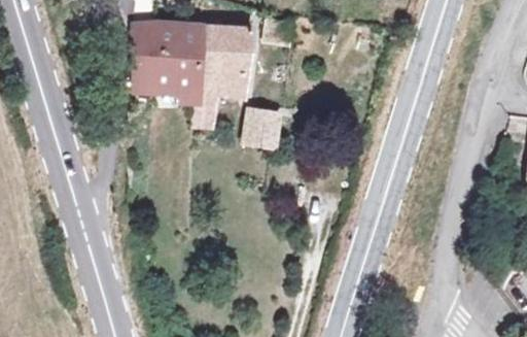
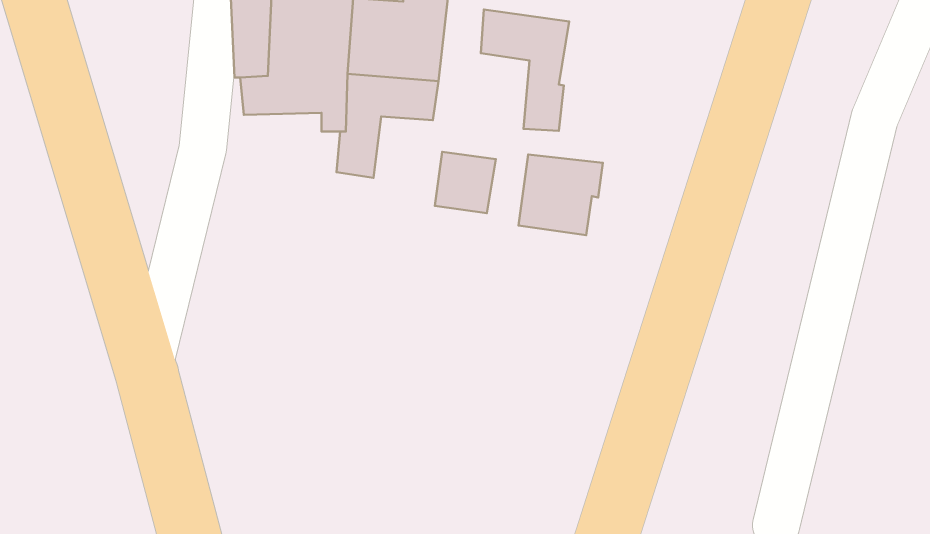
building: none -> [481,10,569,131]
building: none -> [518,155,603,235]

